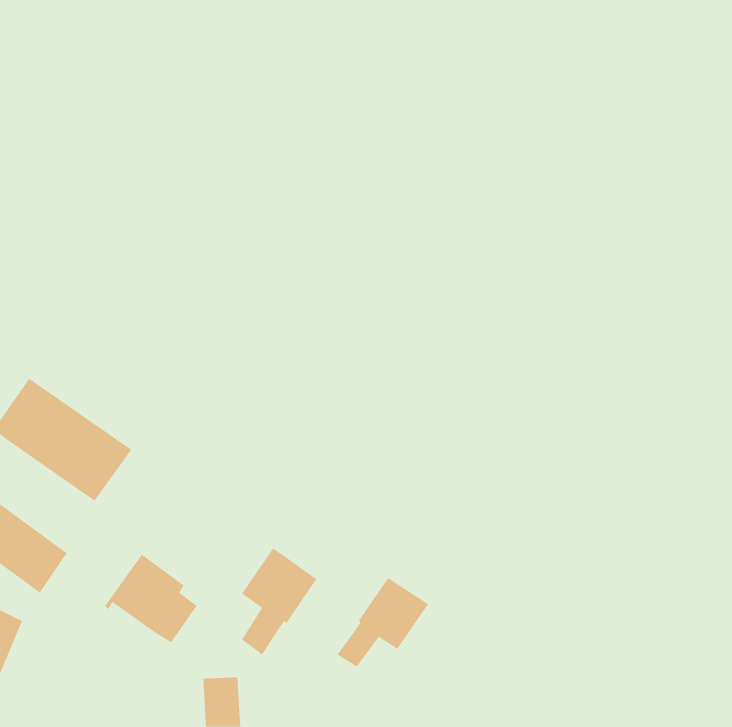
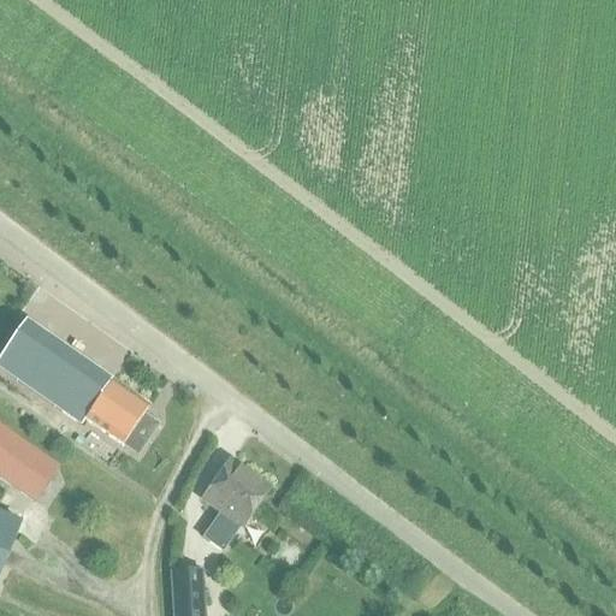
building: [104,554,197,643] -> [79,377,158,451]
building: [337,577,429,668] -> none

